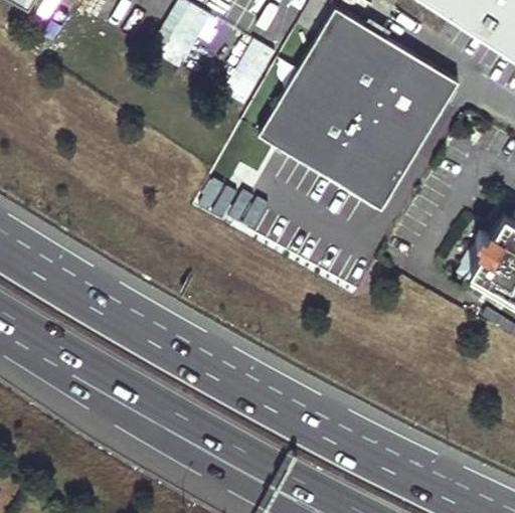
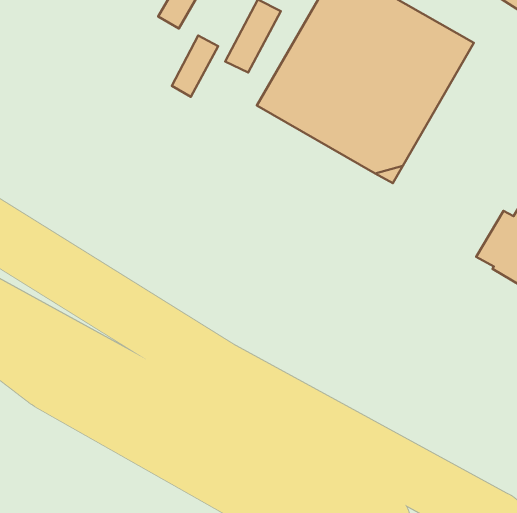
building: none -> [172,36,218,97]

